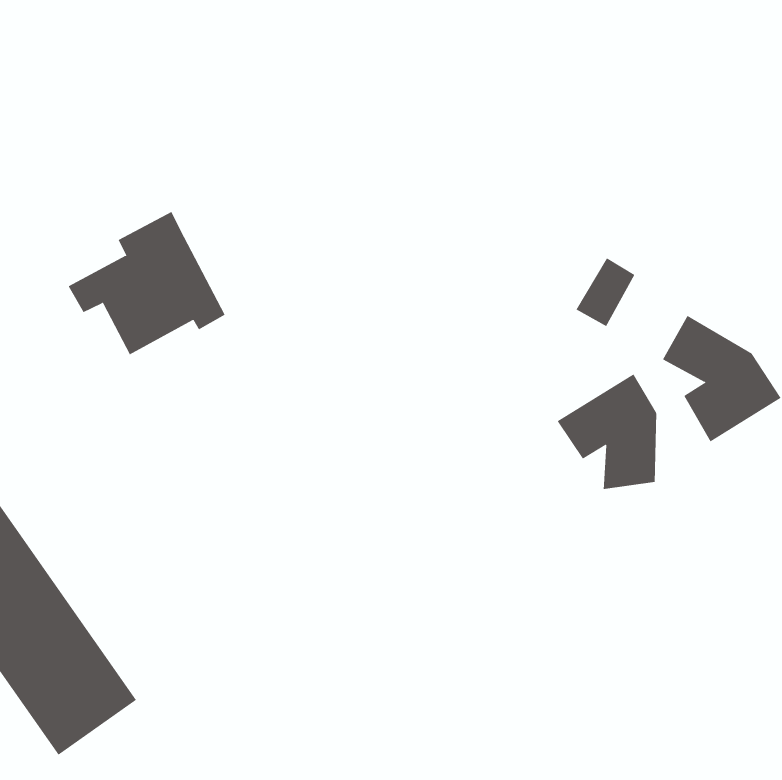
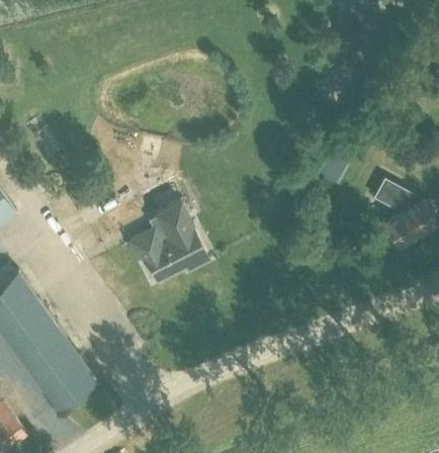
building: [68,211,226,355] -> [125,206,208,282]
building: [557,373,657,490] -> none

